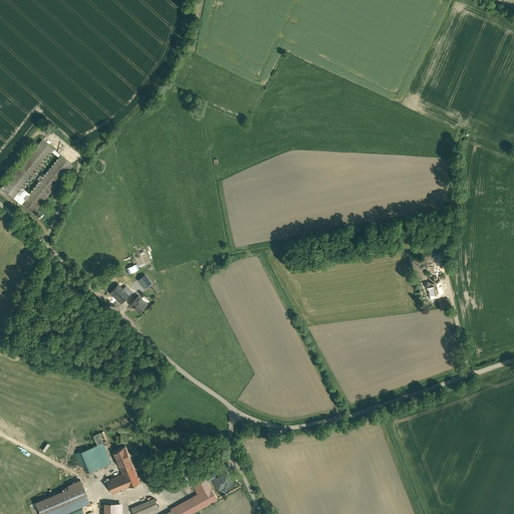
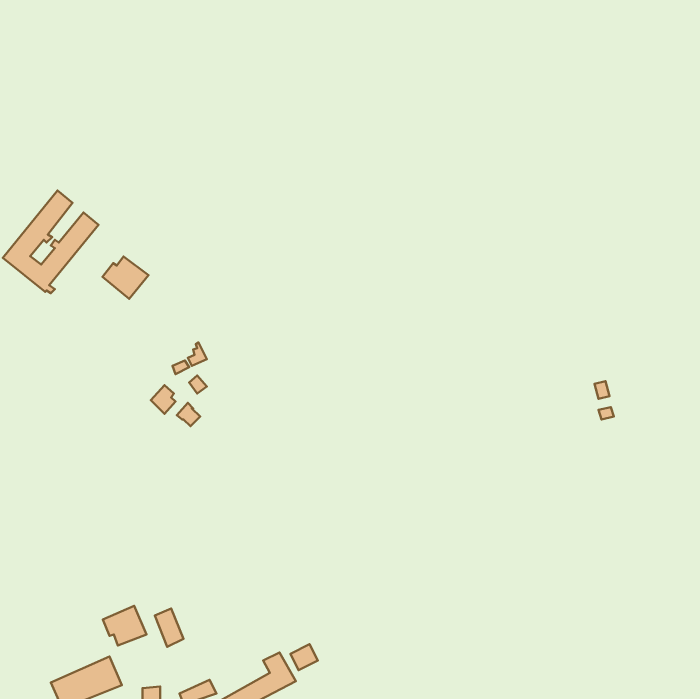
building: none -> [102,256,148,299]
building: [106,469,141,495] -> none

